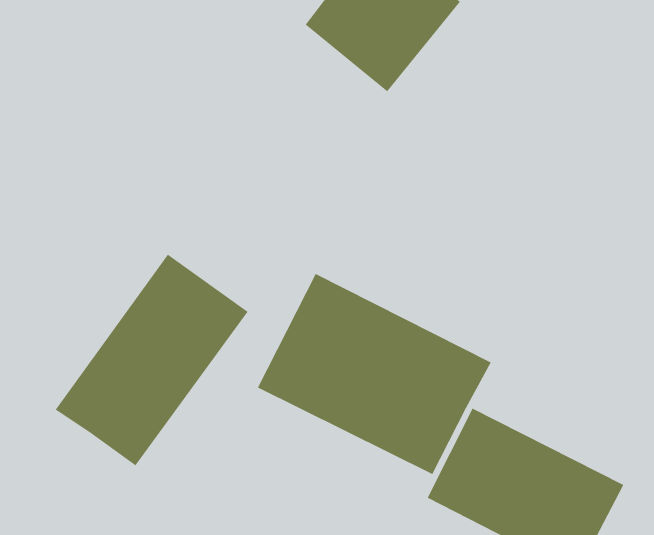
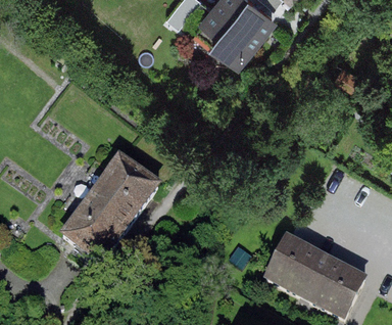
building: [257,273,491,475] -> none

